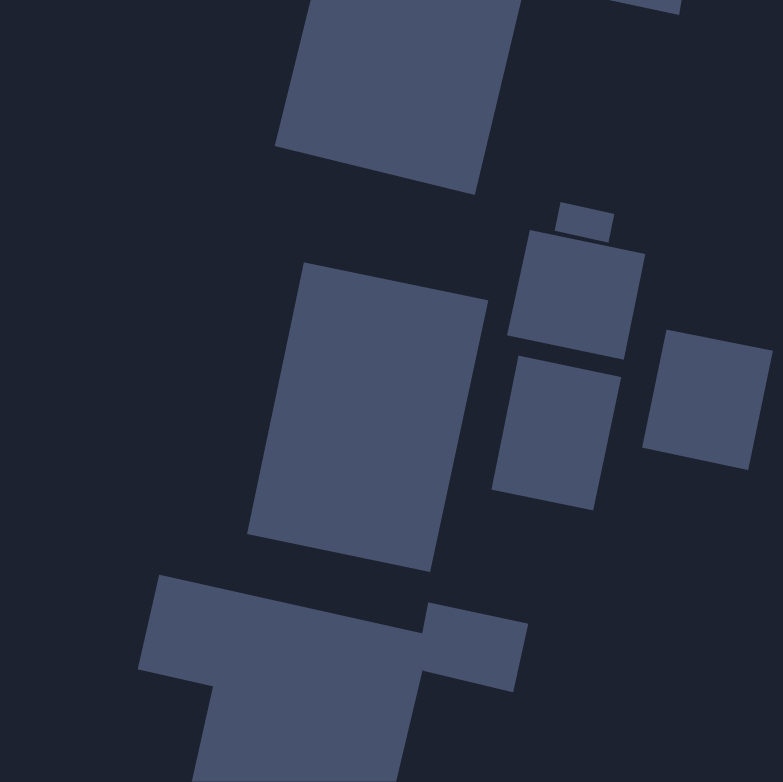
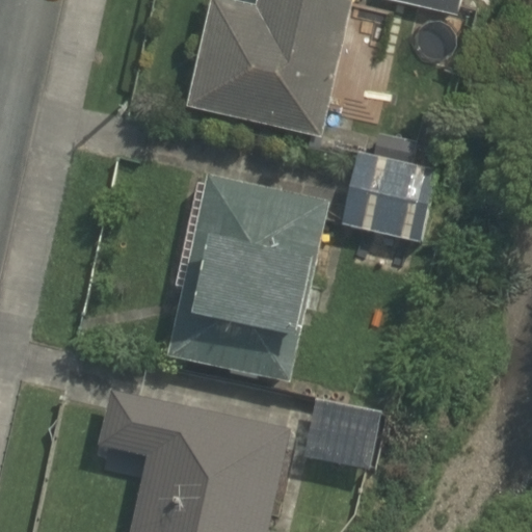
building: [642,329,773,471] -> none
building: [491,355,622,511] -> none

